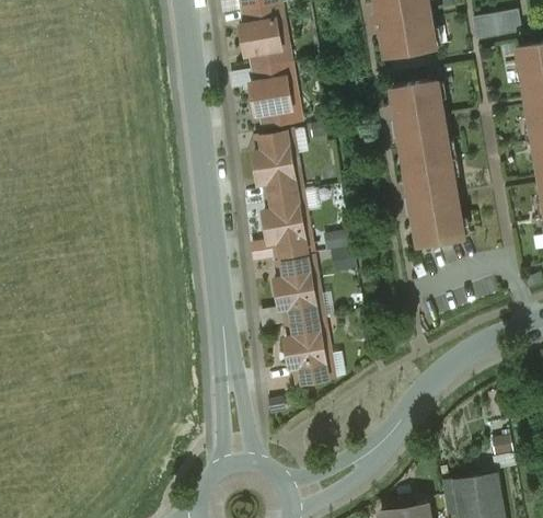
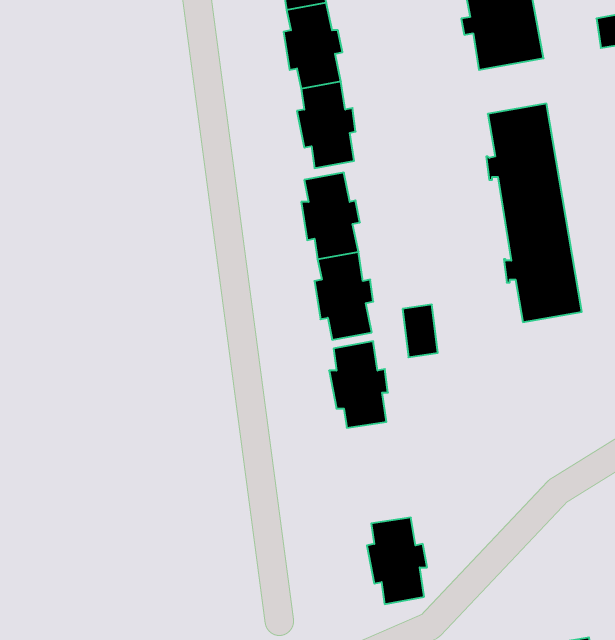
building: [285,318,330,382] -> [367,518,427,604]

